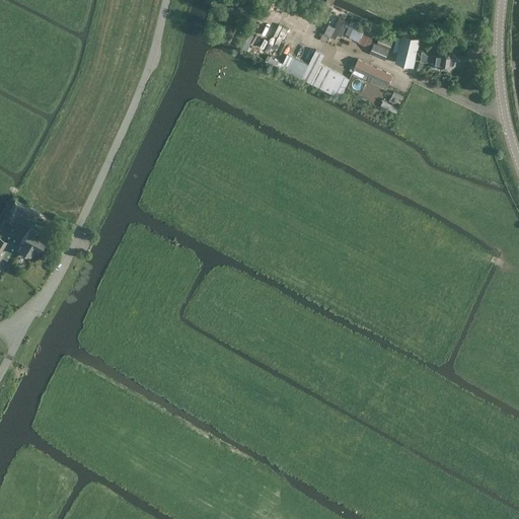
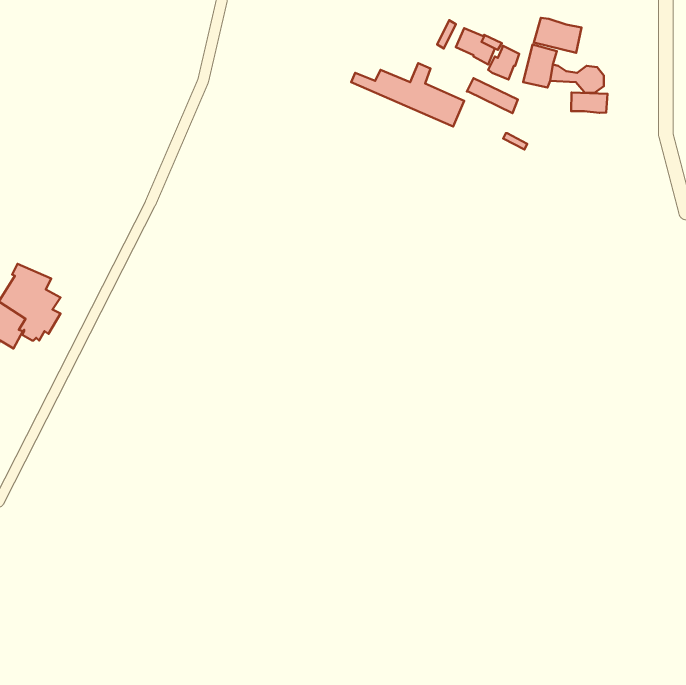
building: none -> [534,18,582,53]
building: none -> [571,92,607,113]

